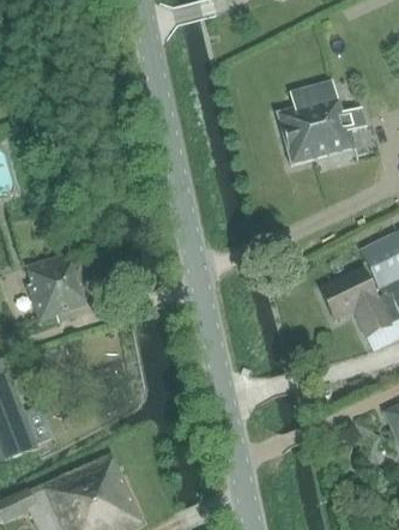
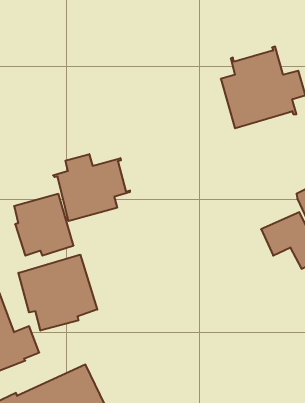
building: none -> [53,154,130,221]
building: none -> [18,255,97,331]

